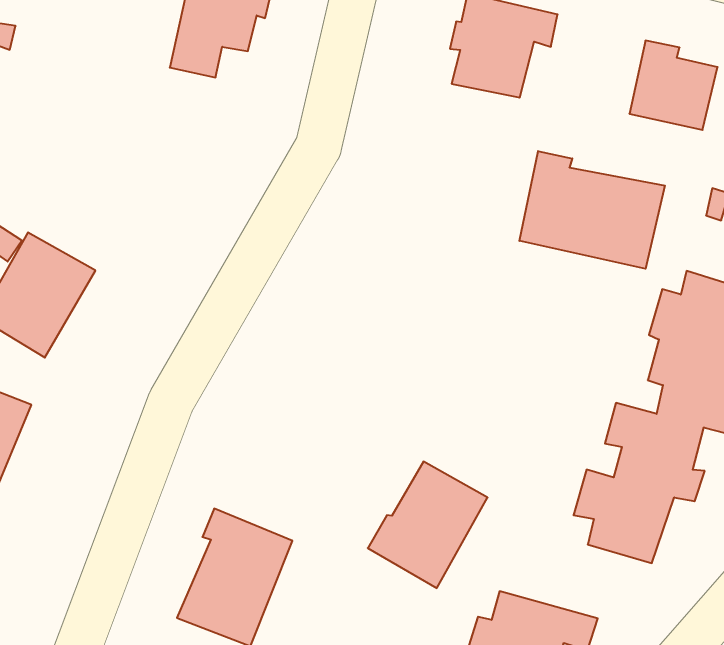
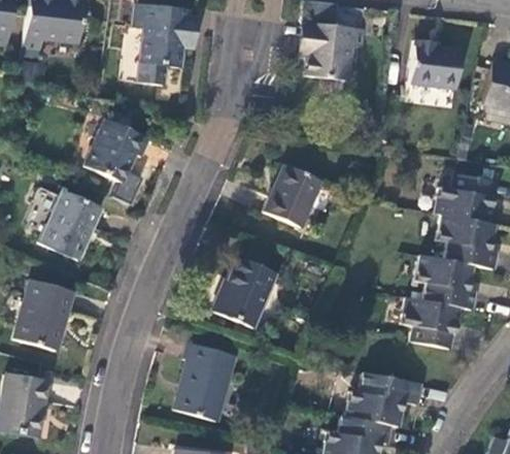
building: none -> [83,117,149,184]
building: [519,151,665,269] -> none
building: none -> [264,164,324,228]
building: [368,462,488,588] -> [210,255,278,329]

